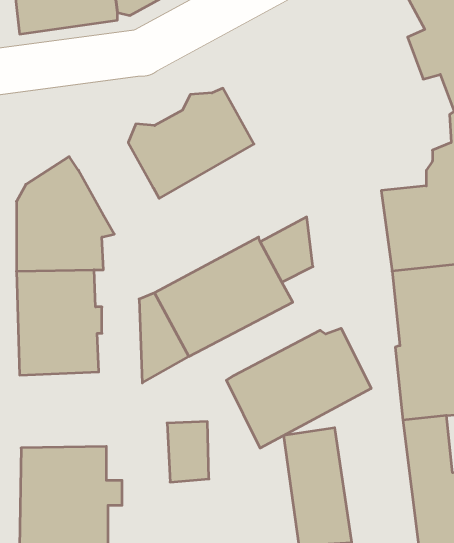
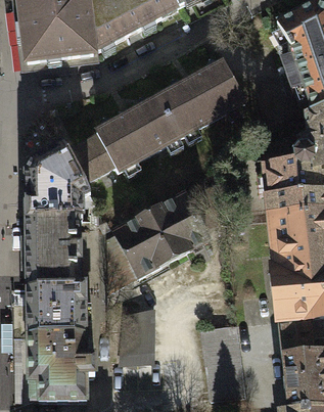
building: none -> [160,62,242,134]
building: none -> [65,133,114,181]
building: [226,328,371,448] -> none
building: none -> [27,284,84,334]

